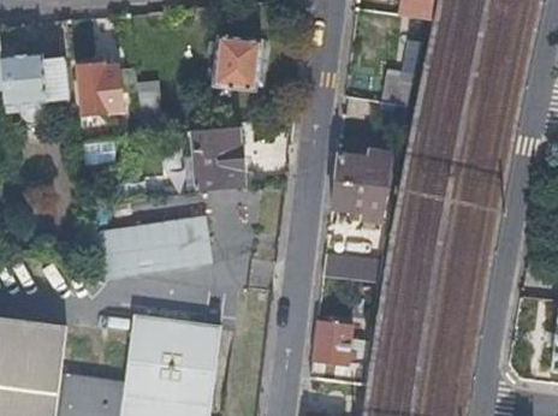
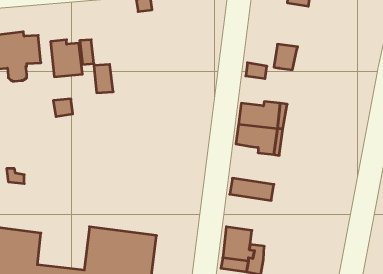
building: [212,36,260,91] -> none
building: [191,127,245,190] -> none
building: [88,214,212,279] -> none

